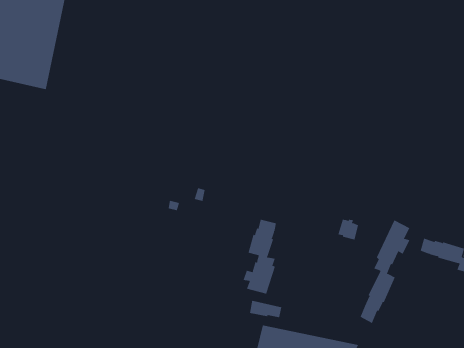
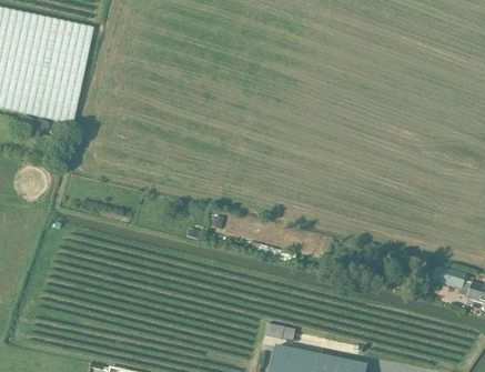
building: [243,219,276,294] -> none
building: [360,220,410,324] -> none

